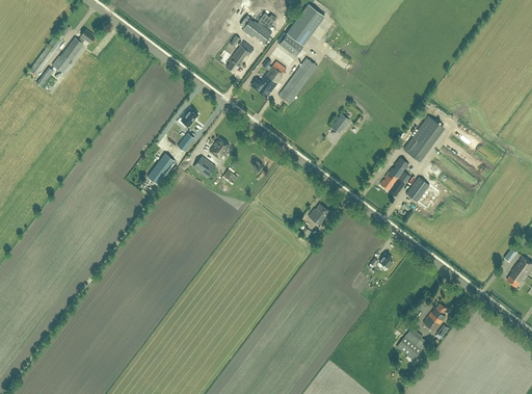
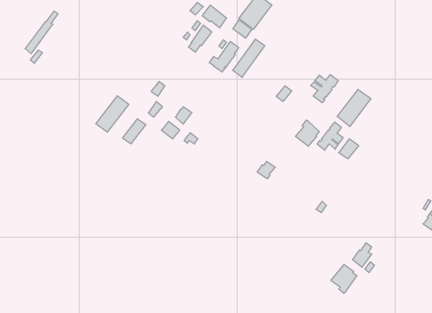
building: [52,29,95,73] -> none
building: none -> [311,75,338,103]
building: none -> [96,96,129,132]
building: none -> [296,120,319,146]

